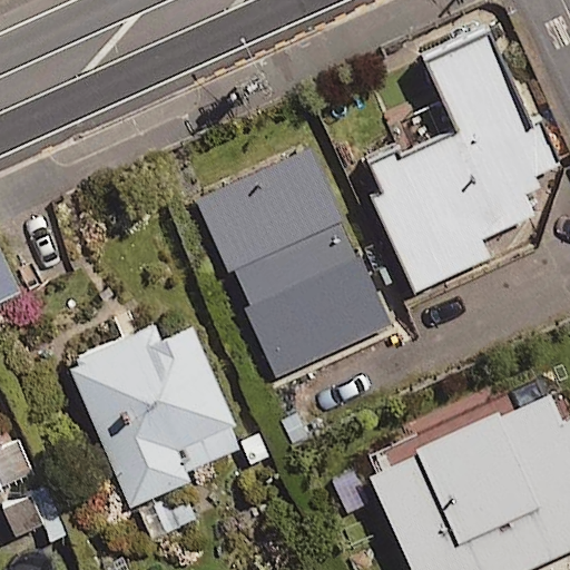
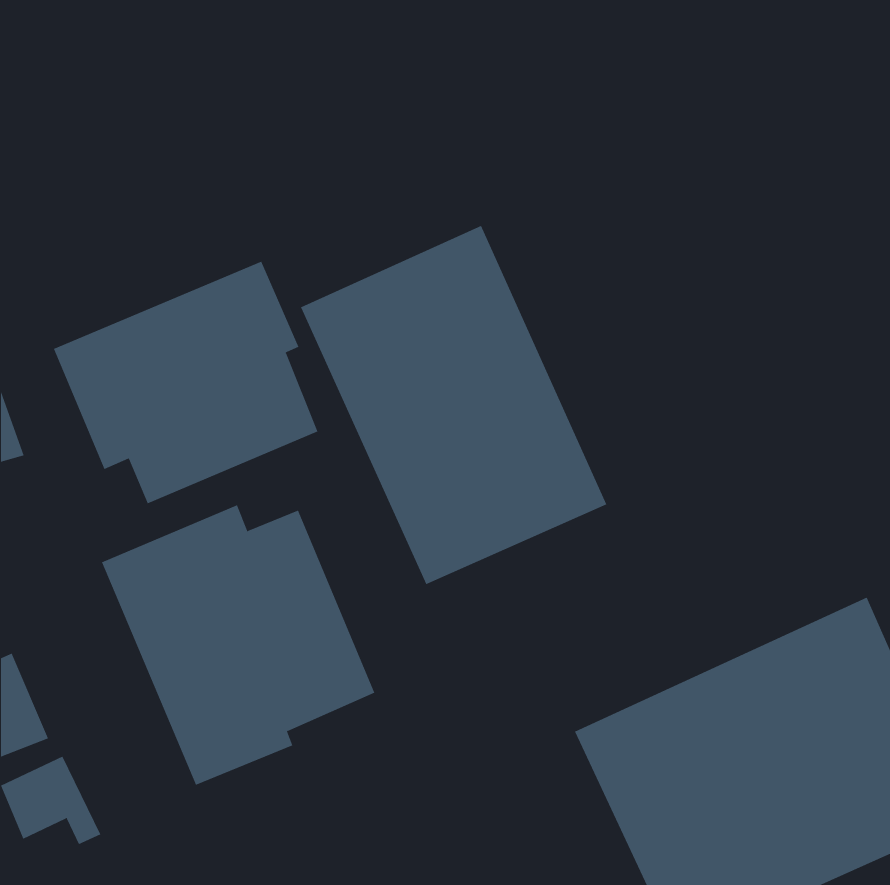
building: [375,35,559,289] -> none
building: none -> [53,261,318,504]

